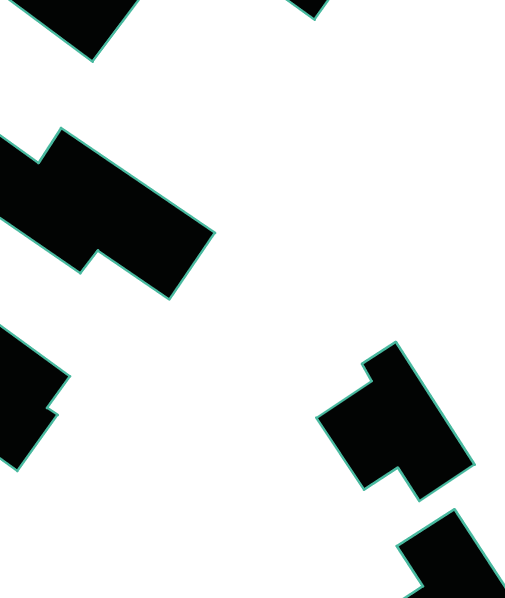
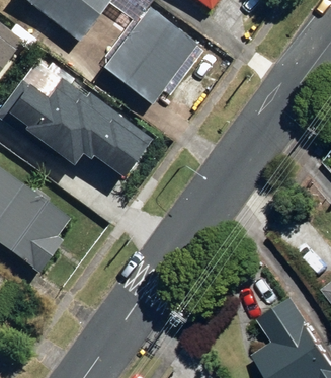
building: none -> [102,11,195,107]
building: [316,342,475,501] -> none

